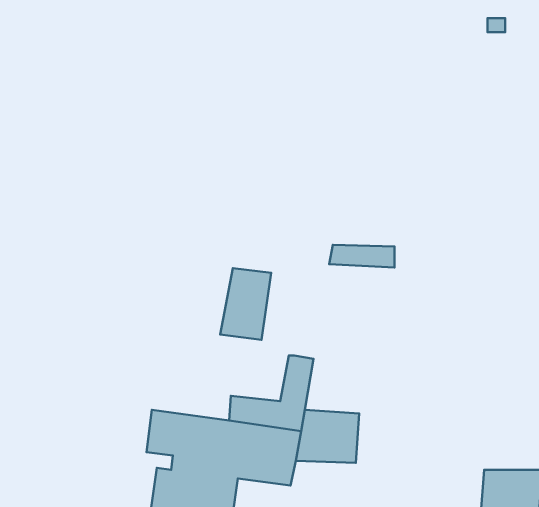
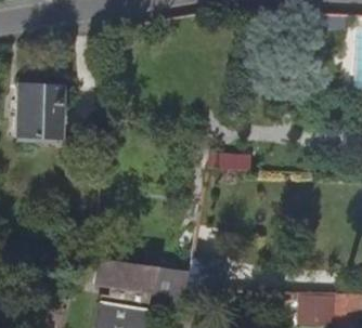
building: none -> [16,86,66,137]
building: [220,268,271,340] -> none

